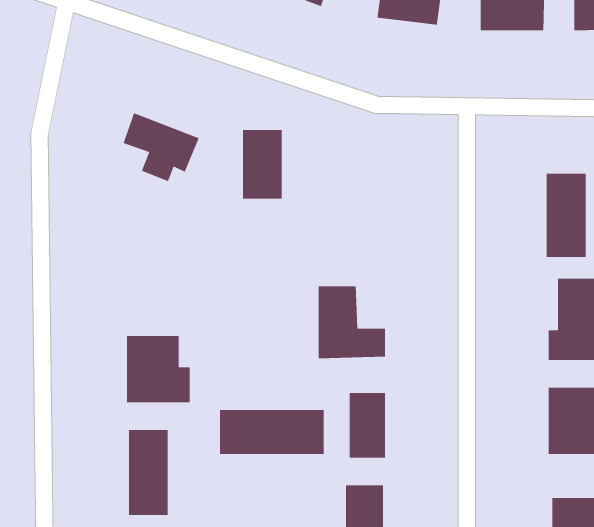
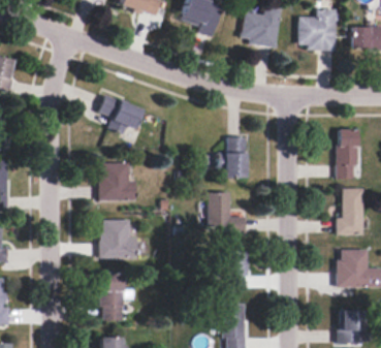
building: [242,129,283,199] -> [224,137,247,177]
building: none -> [100,163,134,201]
building: [219,409,324,455] -> none

